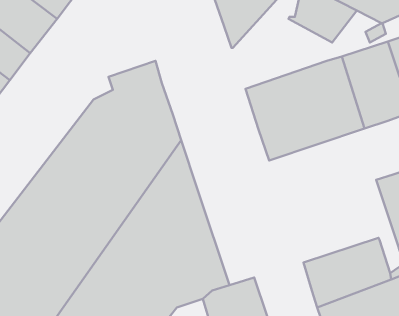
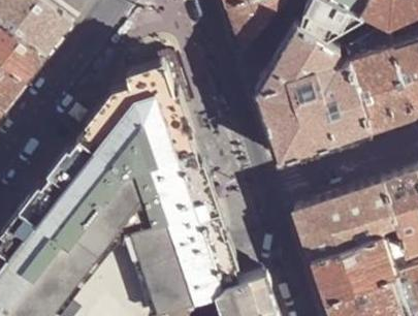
building: none -> [254,27,337,94]
building: none -> [292,182,394,261]

